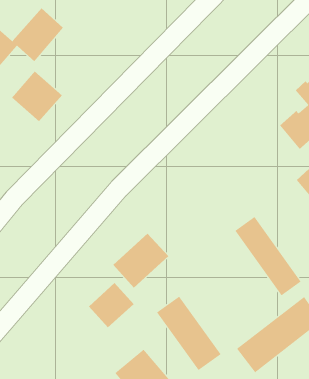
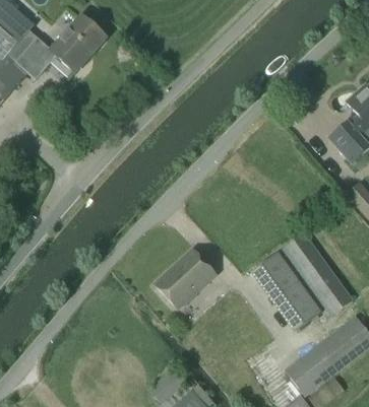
building: [11,71,63,122] -> none
building: [88,282,134,328] -> none
building: [156,296,222,371] -> [253,251,321,329]

